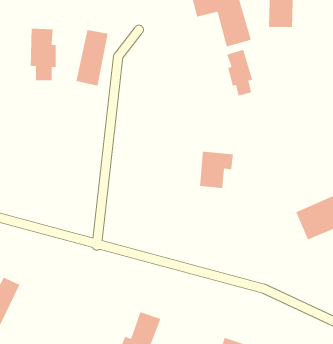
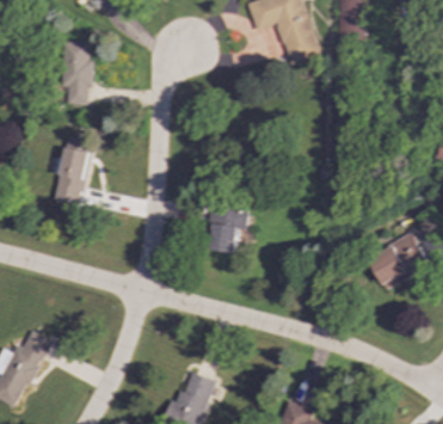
building: [76,29,108,87] -> [54,139,92,205]
building: [226,49,253,97] -> none
building: [199,151,234,189] -> [208,208,248,252]

